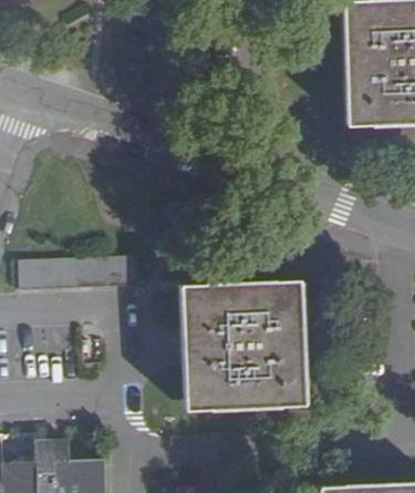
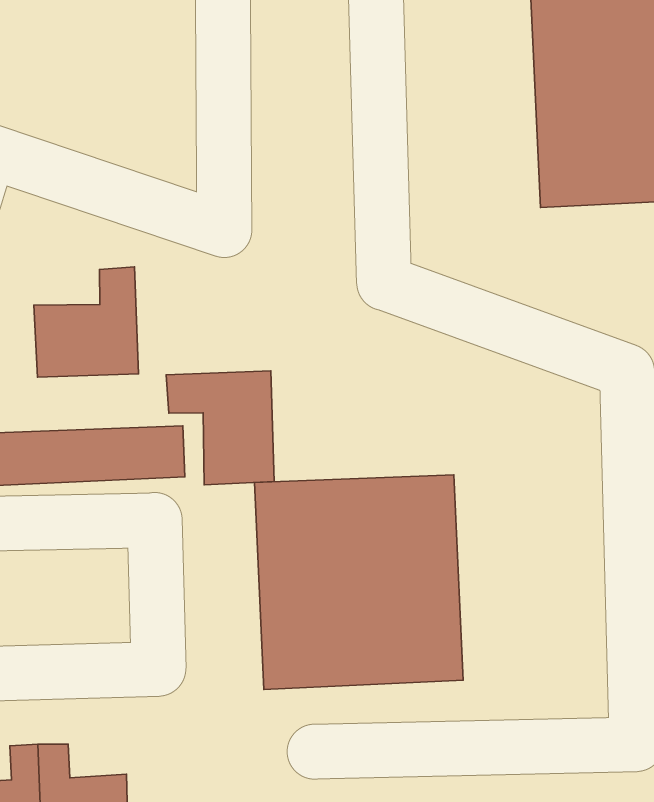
building: none -> [34,267,138,377]
building: none -> [166,371,274,485]

